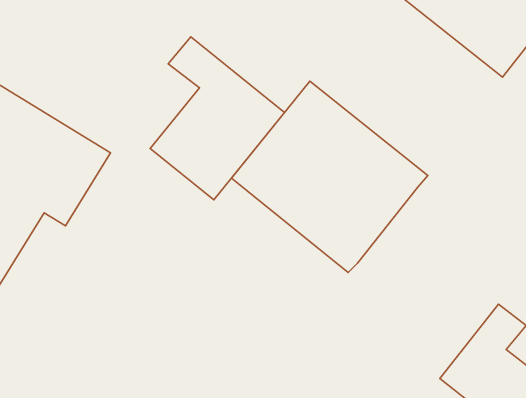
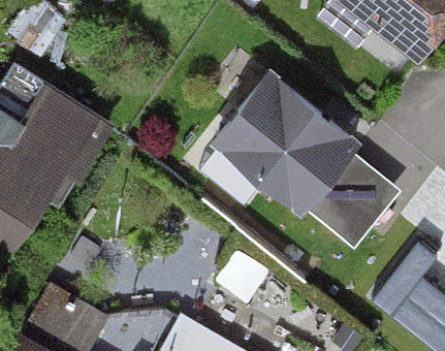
building: [150,37,285,200] -> none
building: none -> [308,153,402,249]

